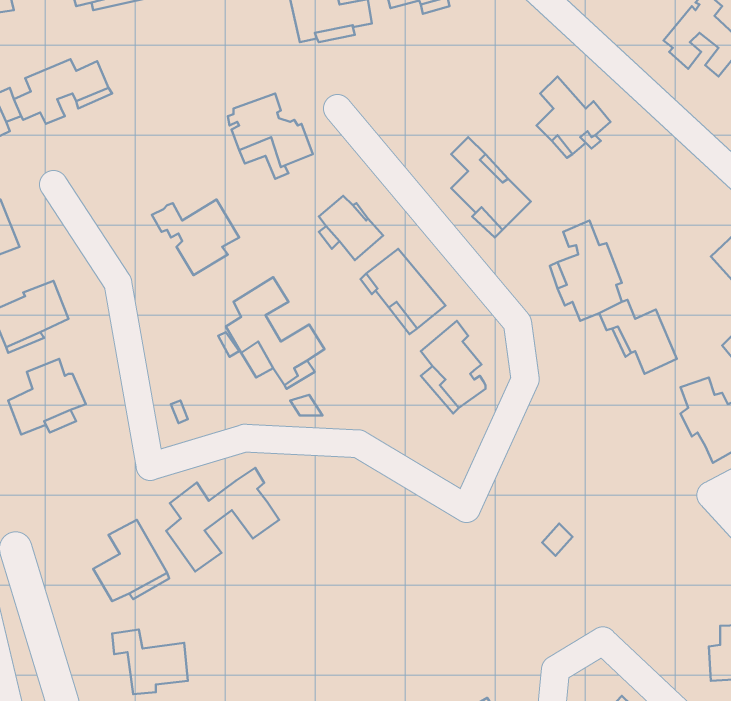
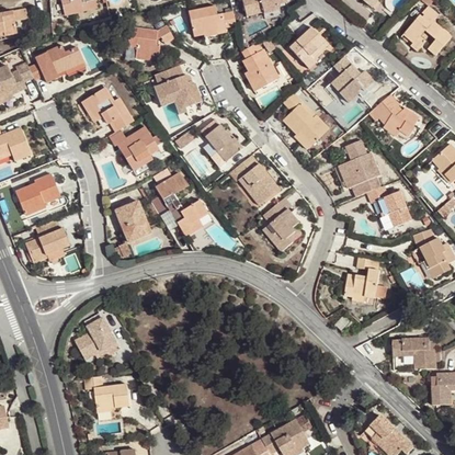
building: none -> [127,25,174,61]
building: none -> [288,27,327,69]
building: none -> [241,44,280,92]
building: none -> [81,88,133,130]
building: none -> [369,94,420,137]
building: none -> [115,201,150,242]
building: none -> [344,257,379,300]
building: [166,468,279,571] -> none
building: none -> [393,338,436,369]

